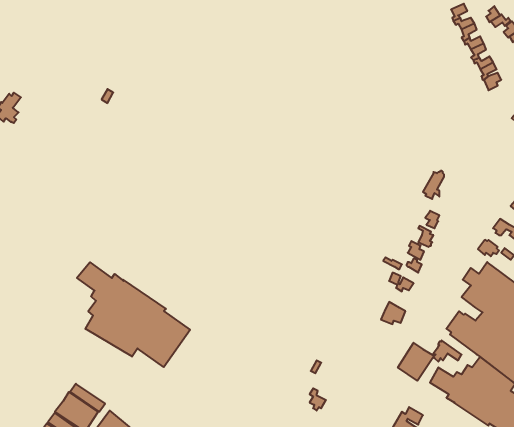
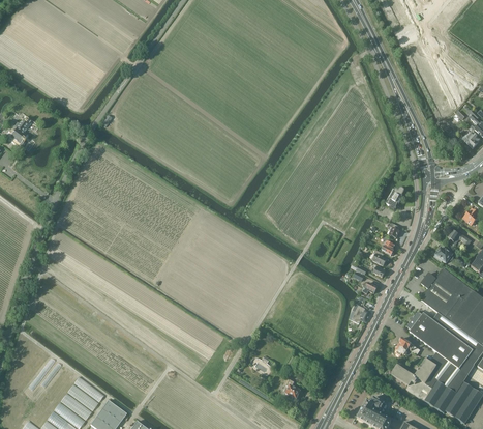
building: [77,262,190,367] -> none
building: [398,343,434,381] -> none

